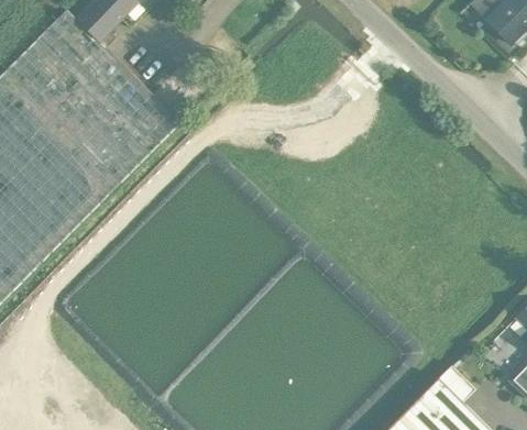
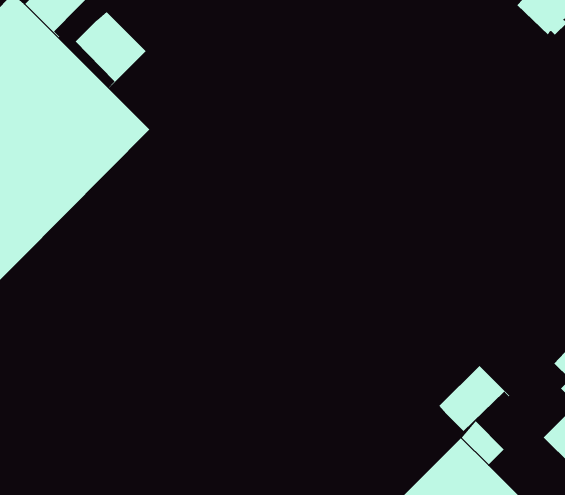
building: none -> [75,11,147,89]
building: none -> [439,365,510,432]

